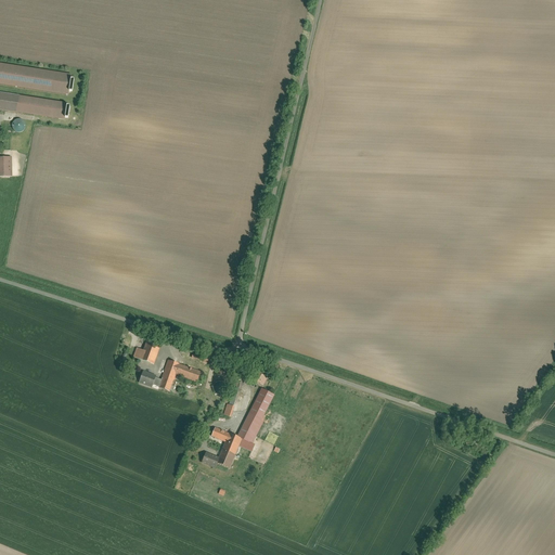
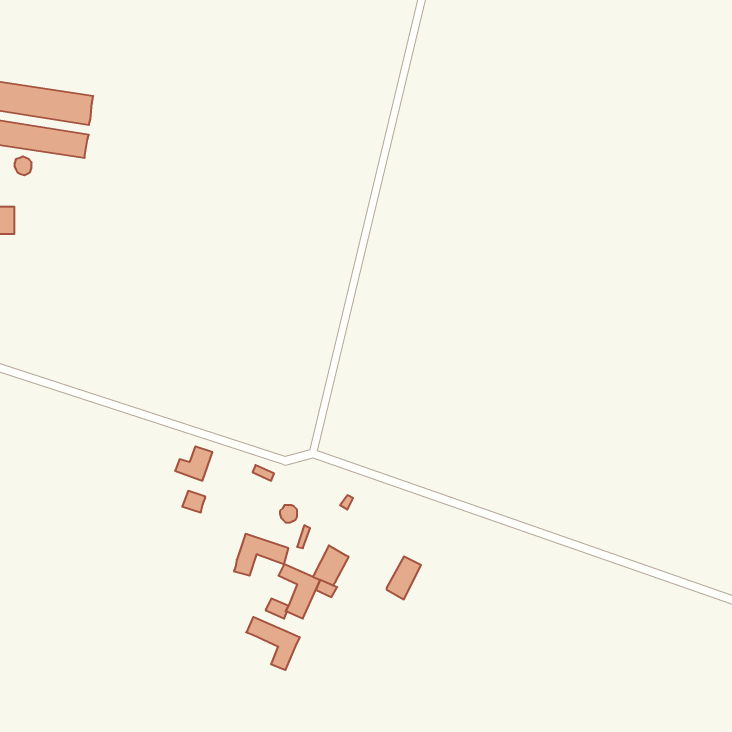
building: [158,359,199,390] -> [234,534,288,576]
building: [248,387,274,420] -> [387,556,421,599]
building: none -> [246,617,300,670]

